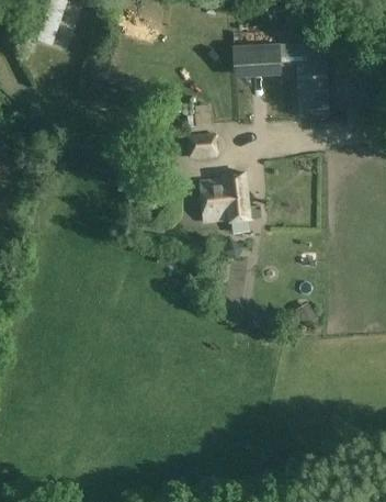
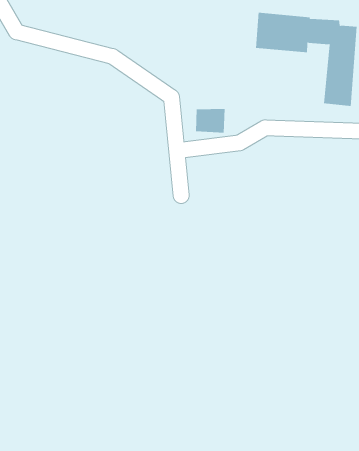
building: [200,175,261,223] -> none

